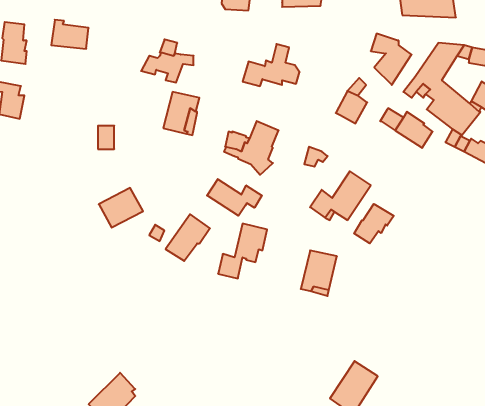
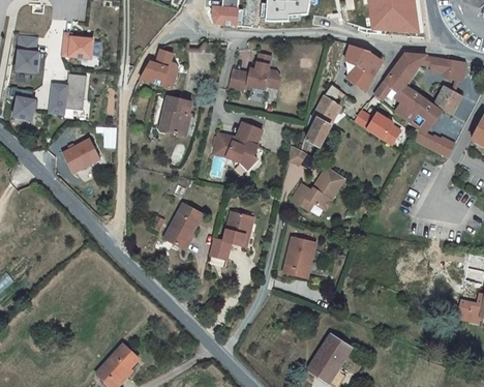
building: none -> [49,73,87,114]
building: none -> [307,113,332,147]
building: [207,179,262,216] -> none
building: [99,188,143,228] -> [62,138,101,173]
building: [354,204,394,243] -> none

